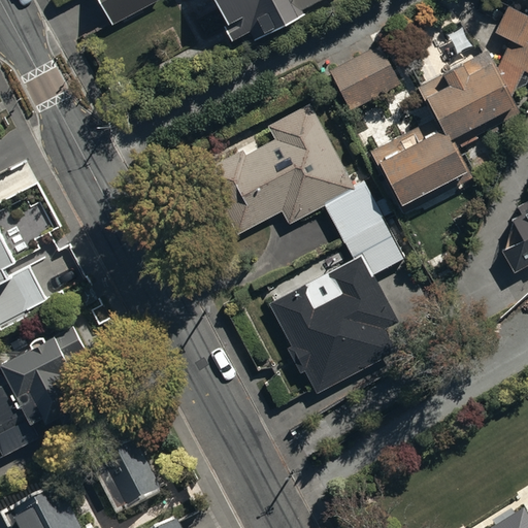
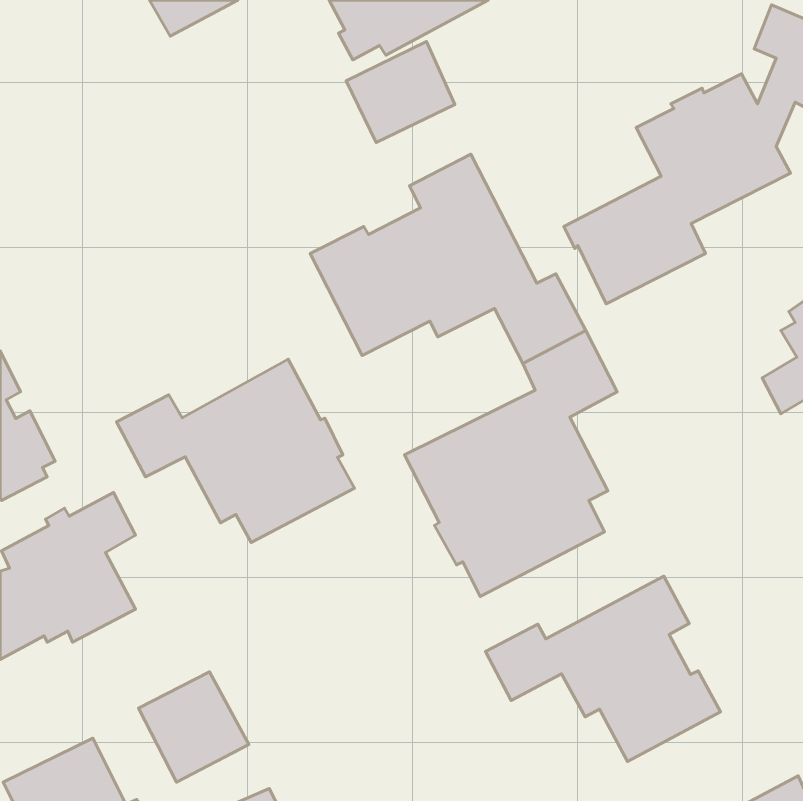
building: [329,45,400,111] -> [346,42,455,142]
building: none -> [116,359,354,542]
building: none -> [486,576,720,761]

